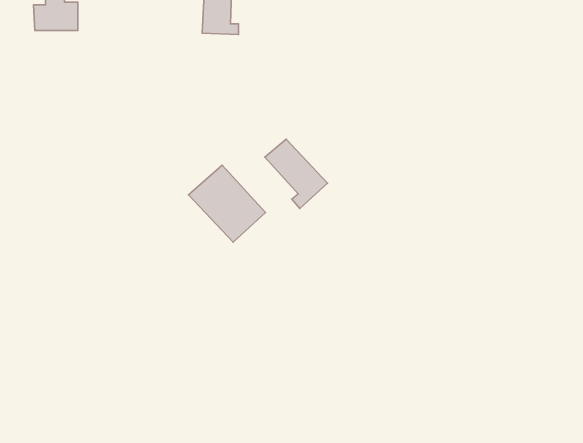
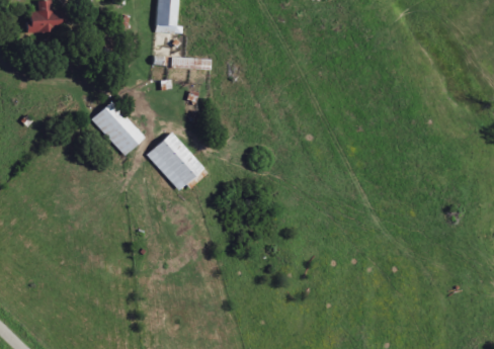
building: none -> [91,101,145,156]
building: [265,139,328,209] -> none

